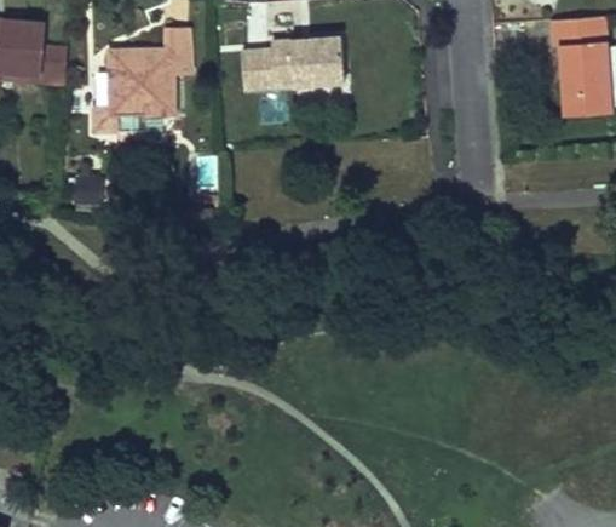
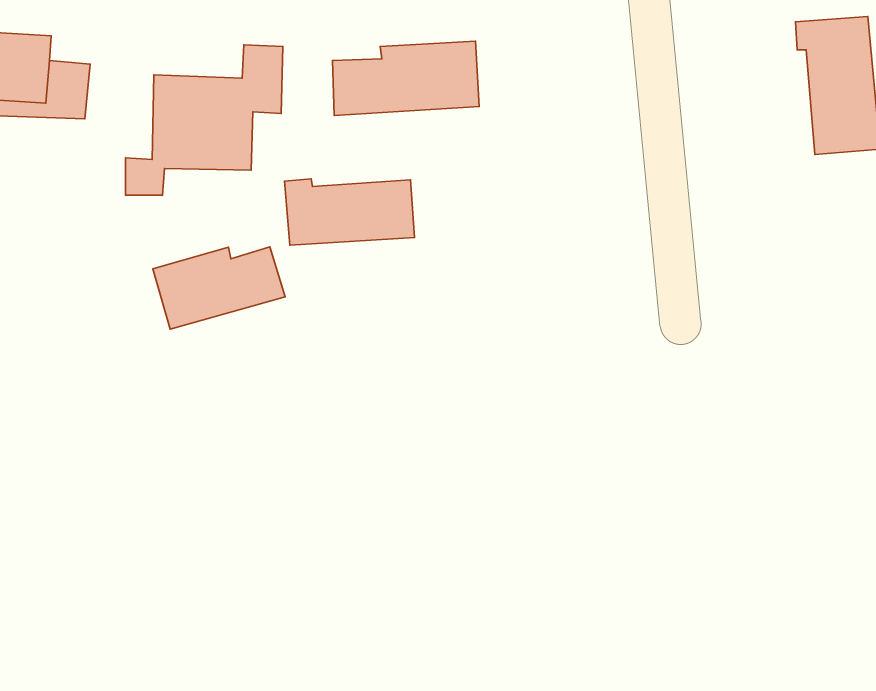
building: none -> [285,179,415,245]
building: none -> [153,247,285,329]

